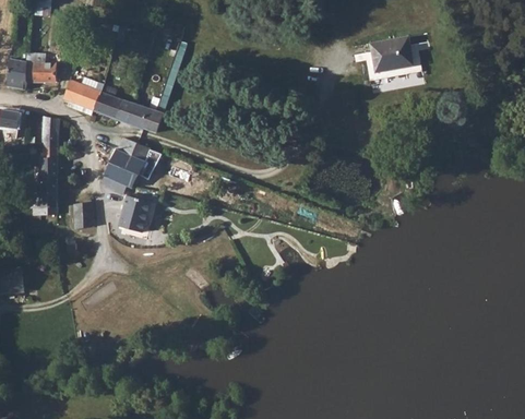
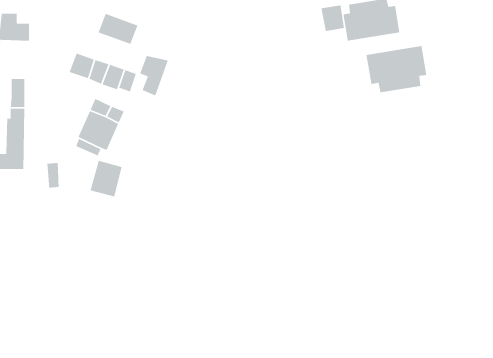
building: none -> [321,5,345,32]
building: [63,80,104,111] -> [98,13,138,45]
building: none -> [366,45,427,93]
building: none -> [139,55,169,97]

